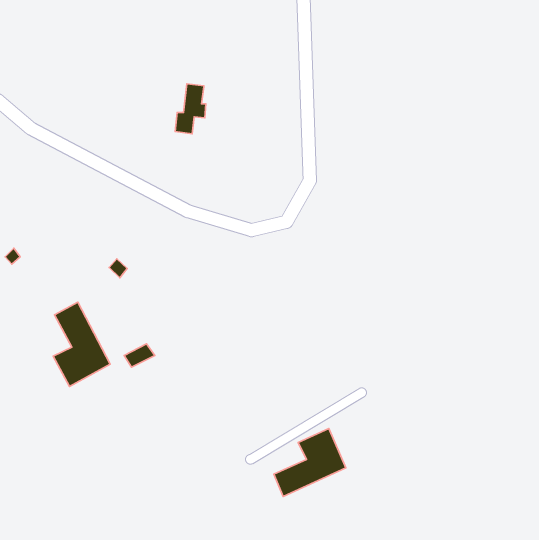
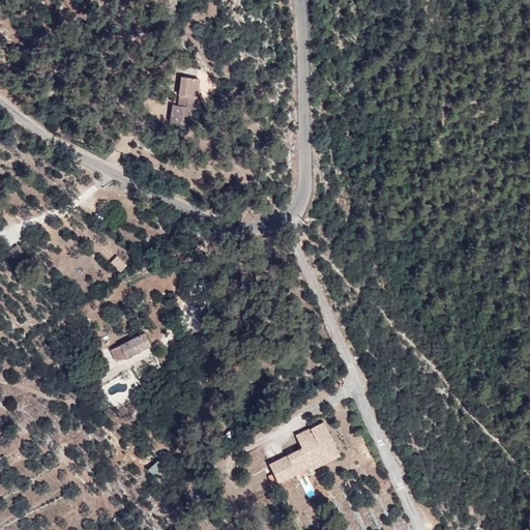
building: [53,302,110,387] -> none

